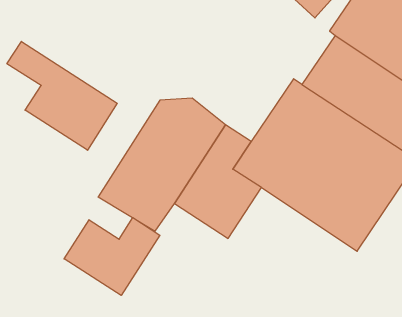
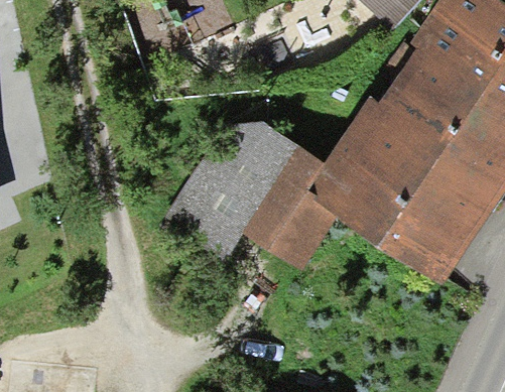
building: [7,41,117,150] -> none
building: [64,218,160,295] -> none

